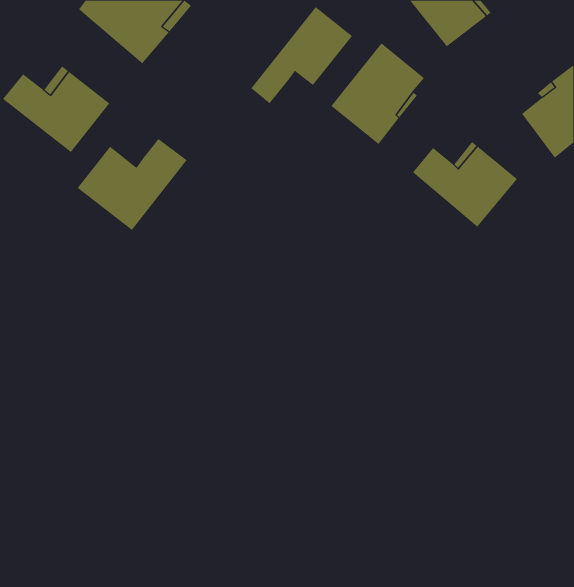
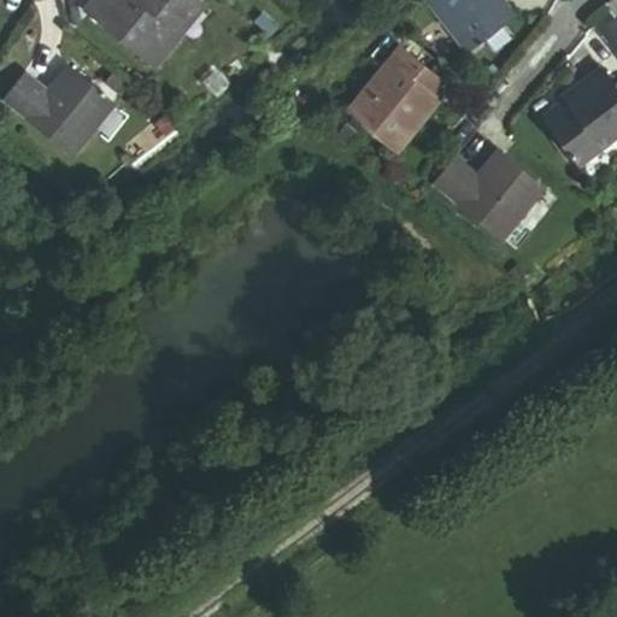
building: [251,6,353,104] -> none
building: [77,138,187,231] -> none

